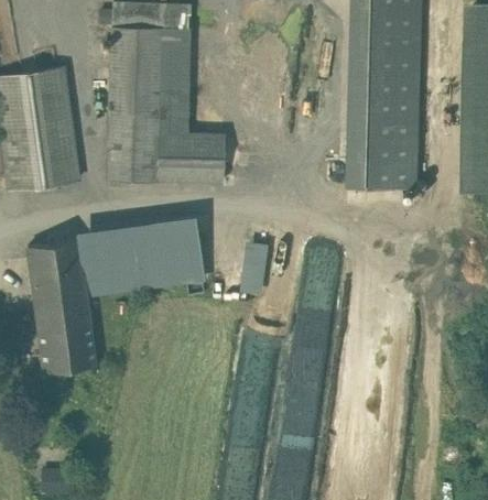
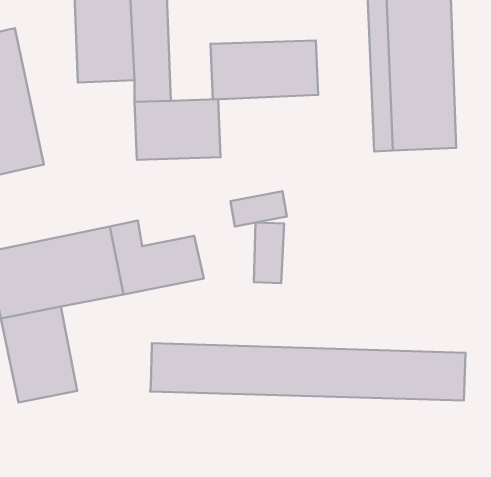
building: none -> [210,41,318,99]
building: [109,113,156,182] -> none
building: [152,224,197,250] -> [230,191,287,227]
building: none -> [150,343,466,401]

